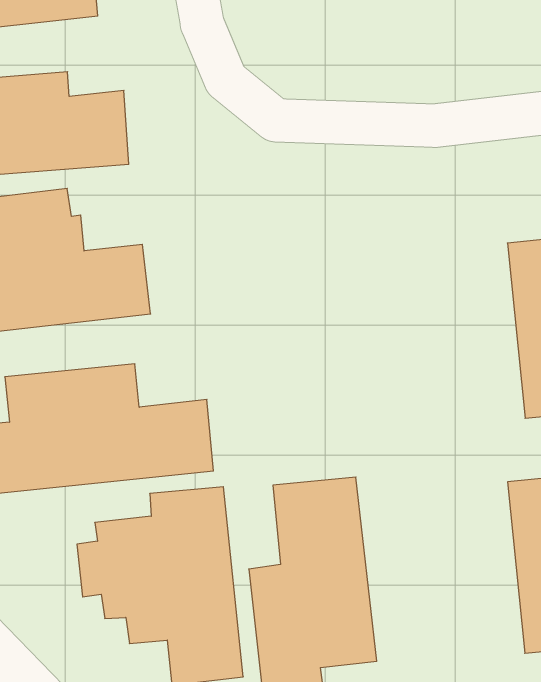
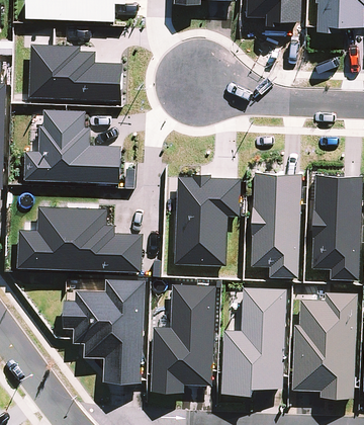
building: none -> [250,173,302,278]
building: none -> [173,177,241,266]
building: none -> [220,287,288,395]

